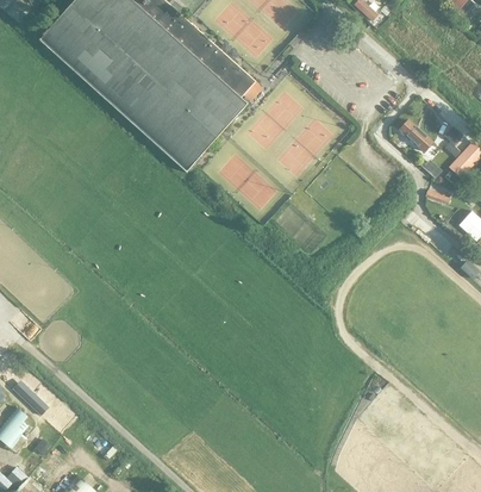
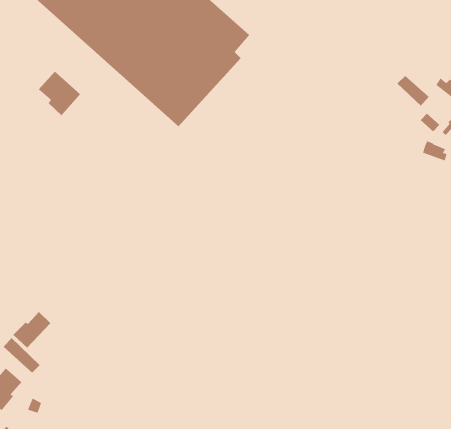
building: none -> [38,71,81,116]
building: none -> [13,311,51,349]

